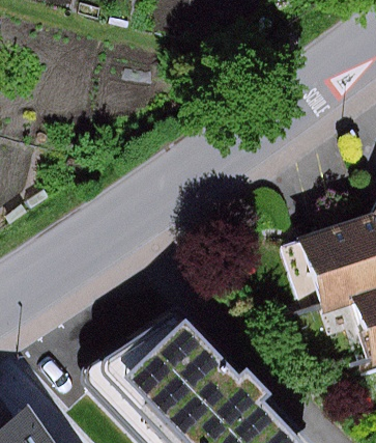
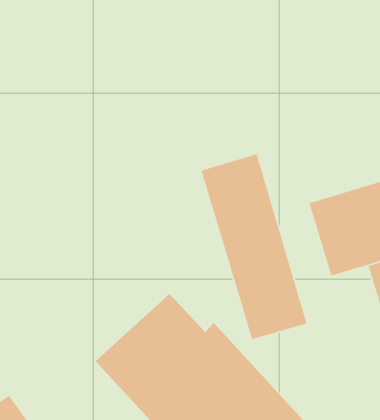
building: none -> [201,153,307,340]

